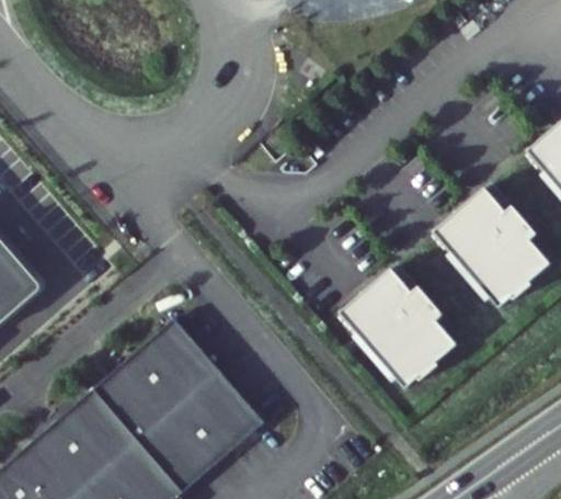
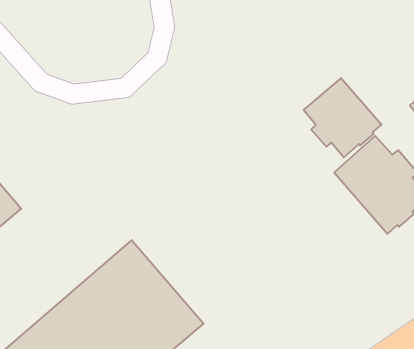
building: none -> [304,78,382,157]
building: [336,272,454,393] -> none

